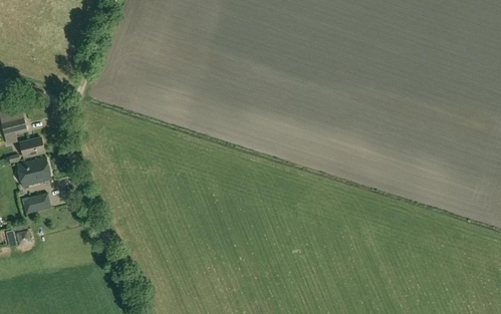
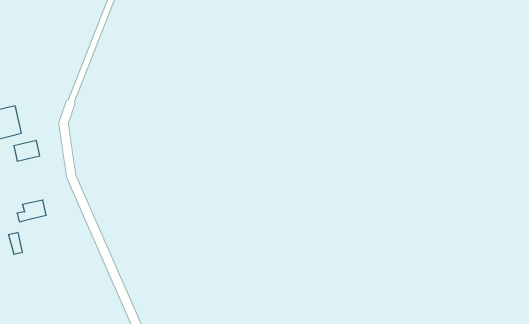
building: [17,156,51,187] -> none

